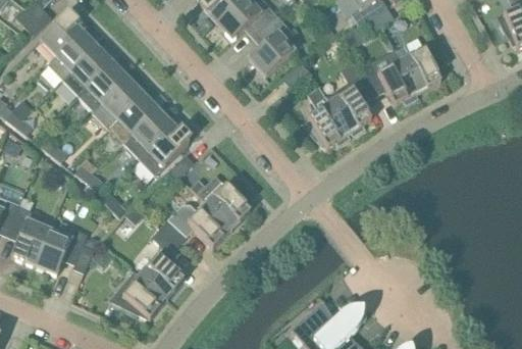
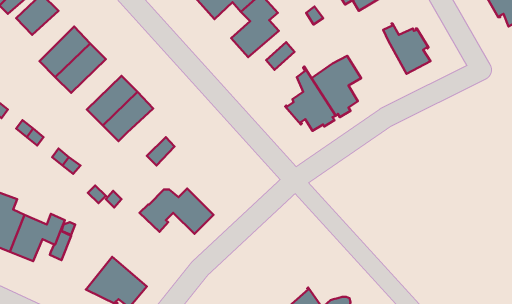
building: [47,31,97,80] -> none
building: [361,60,418,105] -> none
building: [93,78,143,128] -> none
building: [140,126,190,174] -> none
building: [190,174,251,229] -> none
building: [140,227,185,298] -> none

